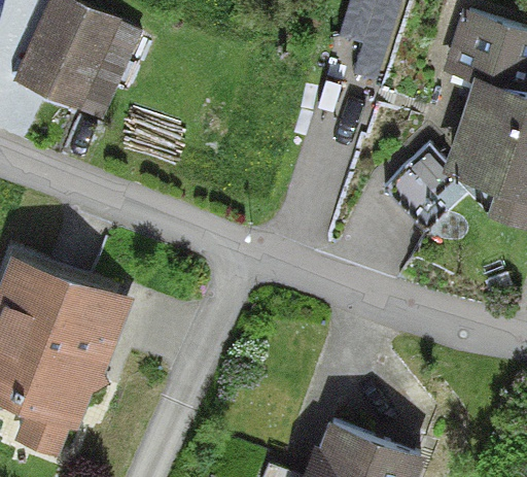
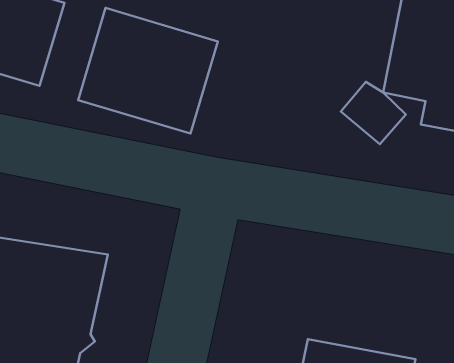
building: none -> [78,8,218,134]

